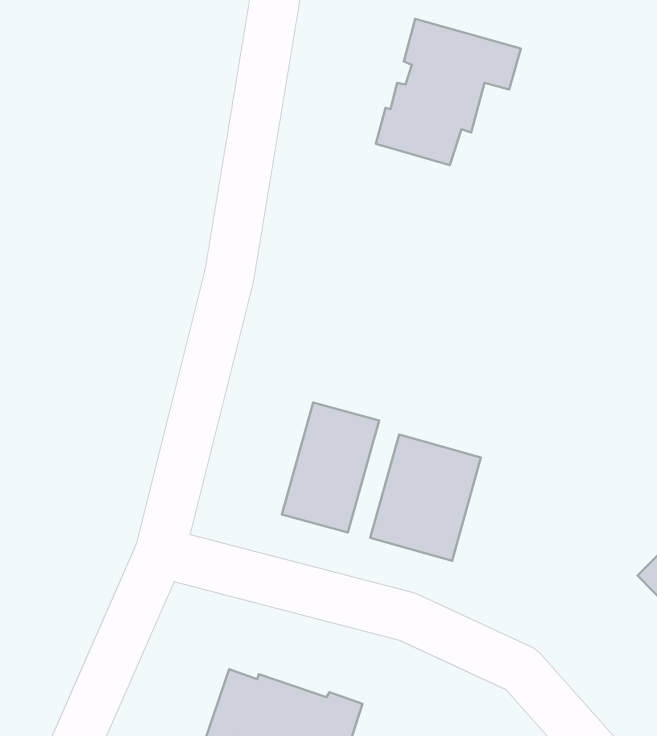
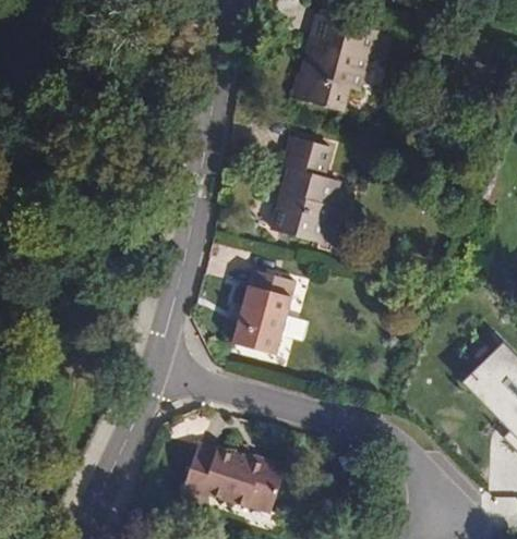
building: none -> [268,136,333,243]
building: [370,434,481,561] -> none

